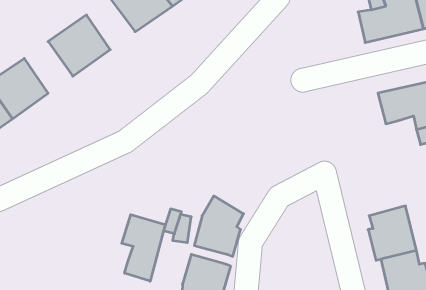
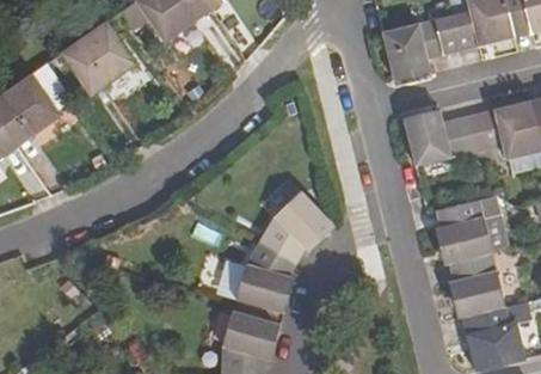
building: none -> [382,18,444,79]
building: none -> [404,109,469,166]
building: none -> [262,190,336,262]
building: none -> [435,198,493,265]
building: [122,215,165,281] -> none

